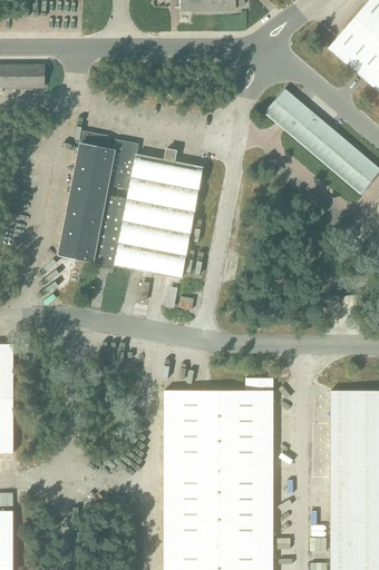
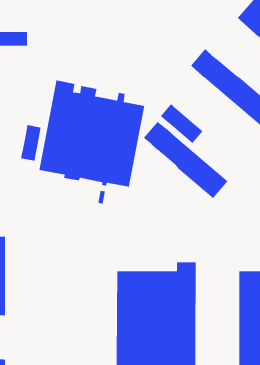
building: none -> [160,103,204,144]
building: none -> [143,121,228,199]
building: none -> [20,124,42,162]

